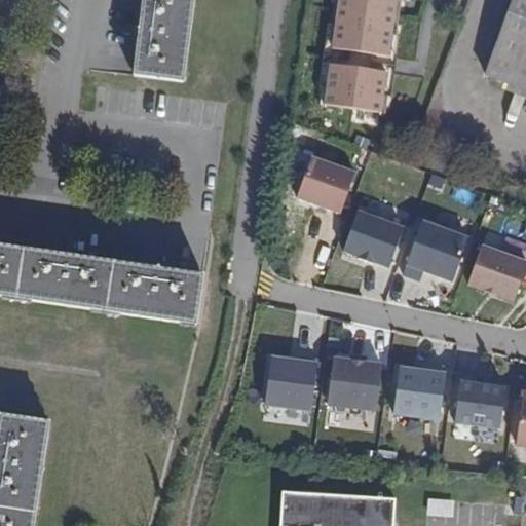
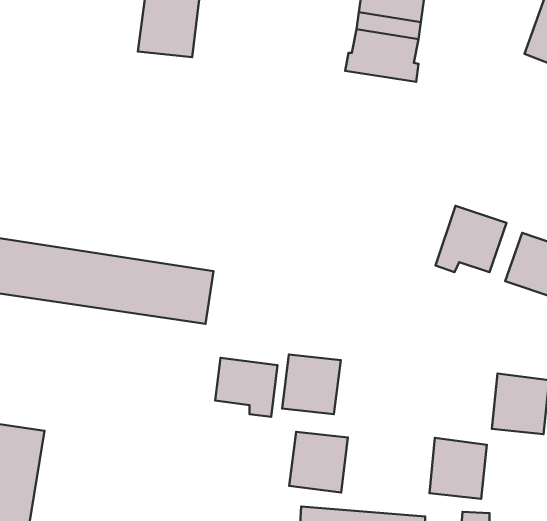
building: [296,153,358,213] -> none
building: [343,196,408,267] -> none
building: [328,354,381,410] -> [289,432,348,493]
building: none -> [215,358,277,417]
building: [397,363,449,418] -> [429,438,487,499]

